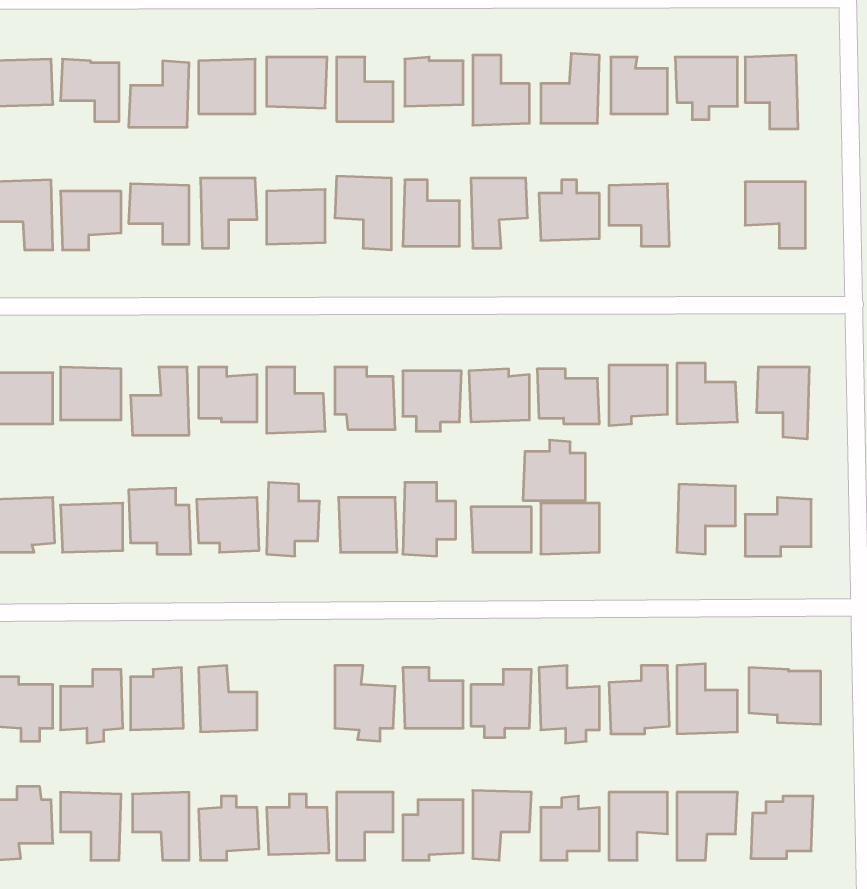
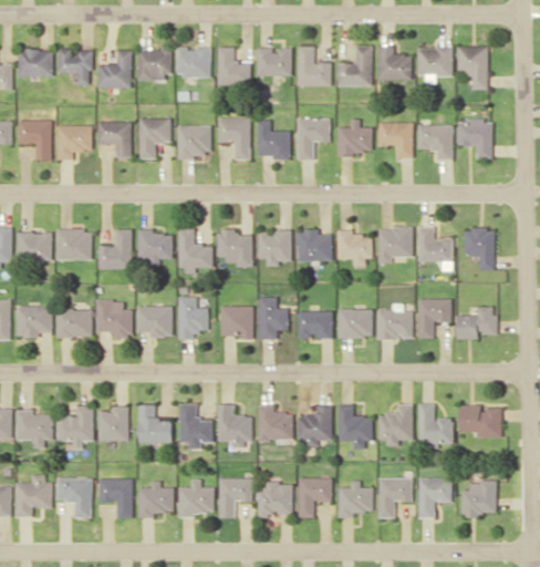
building: none -> [417,125,453,159]
building: [523,440,585,500] -> [376,303,413,339]
building: none -> [179,404,212,450]

